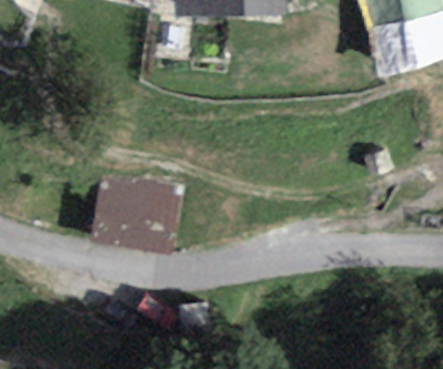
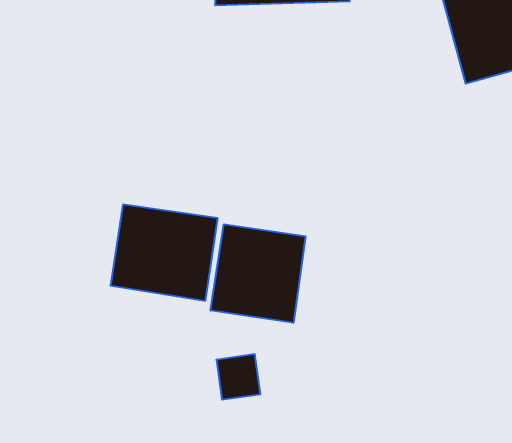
building: none -> [211,224,306,323]

